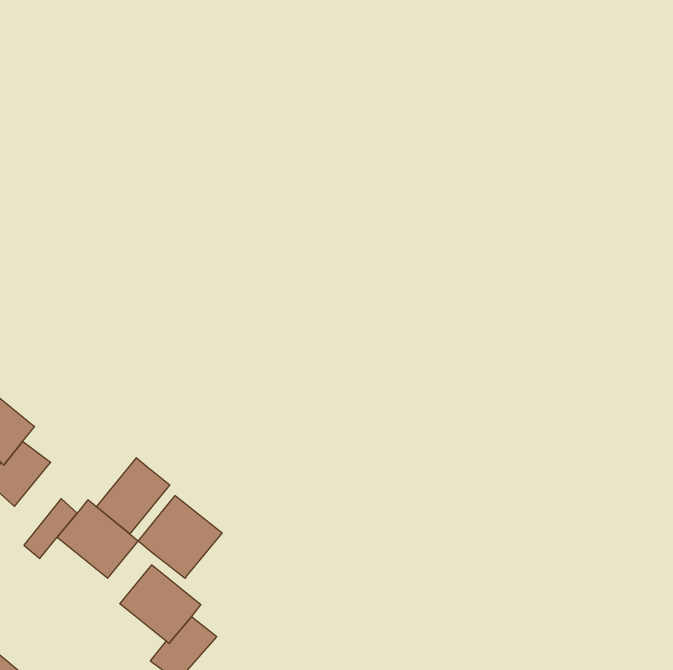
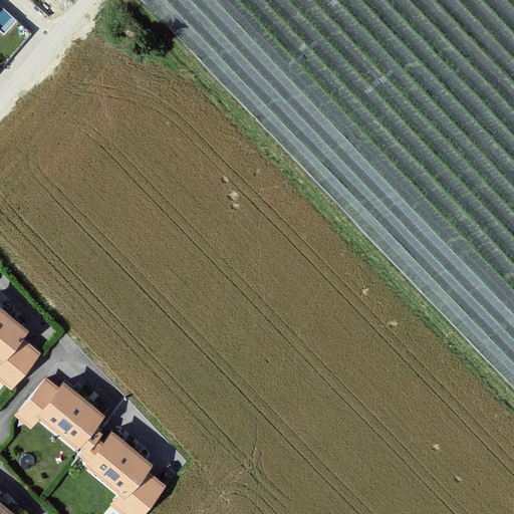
building: [96,458,170,534] -> none
building: [138,496,222,578] -> none

